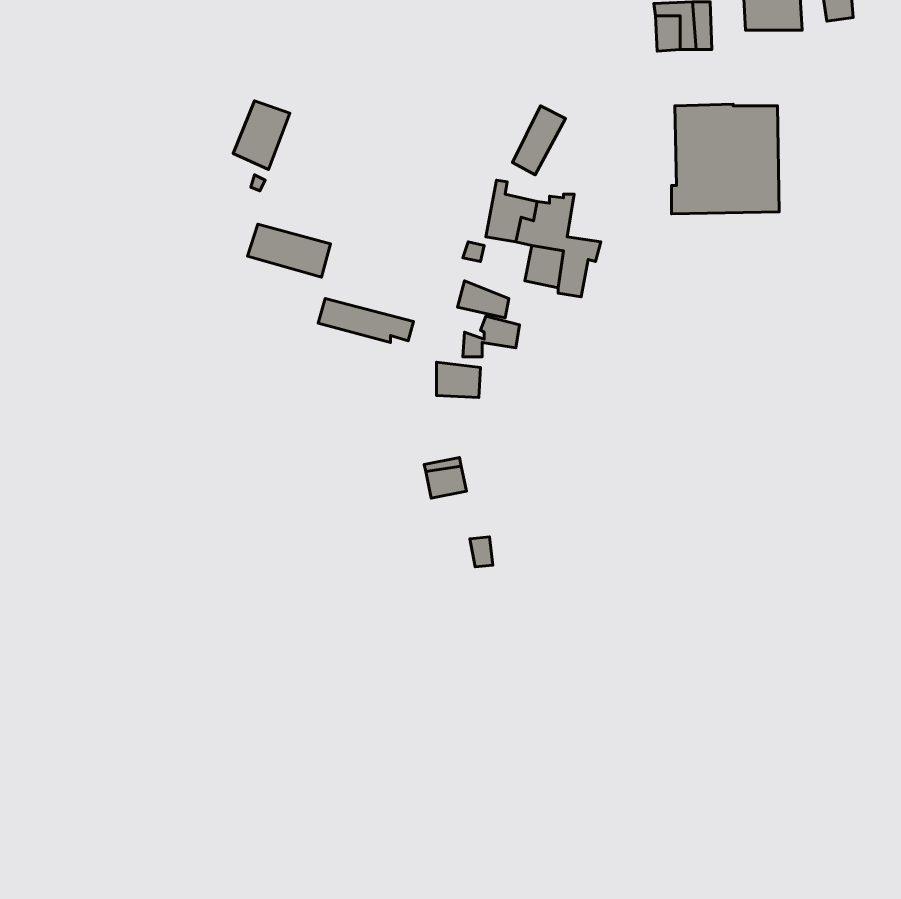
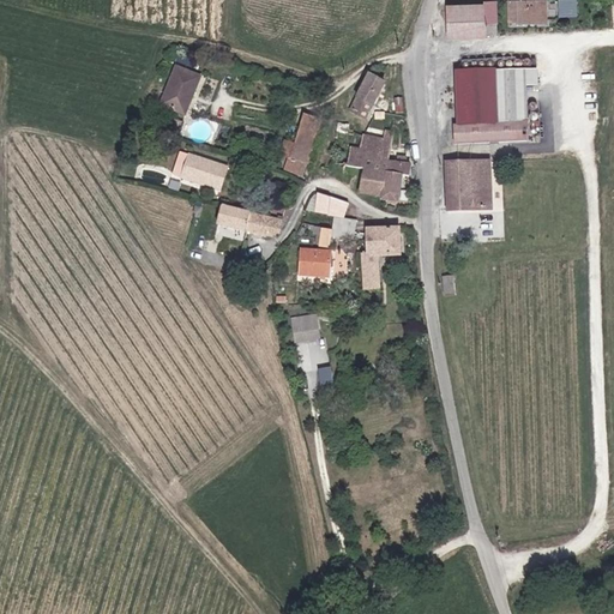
building: none -> [283,113,320,171]
building: none -> [445,159,488,209]
building: none -> [360,228,398,289]

